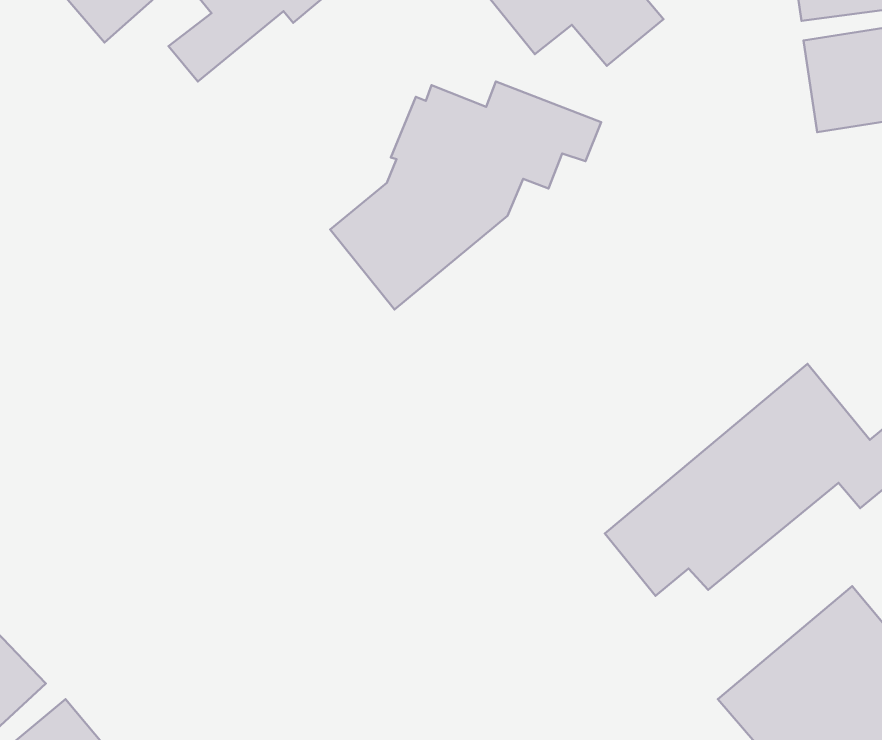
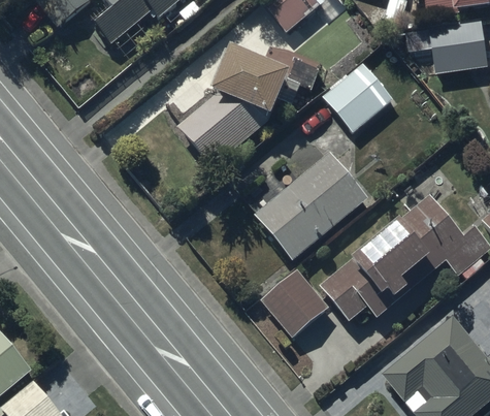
building: none -> [324,66,388,130]
building: none -> [256,152,368,258]
building: none -> [262,268,328,334]

